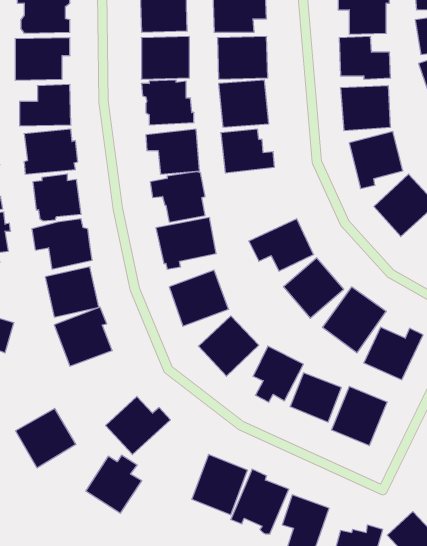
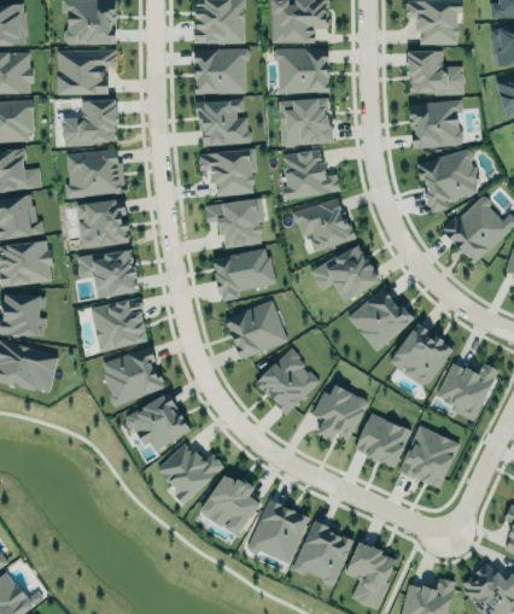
building: none -> [293,198,354,252]
building: [16,408,76,468] -> [127,392,192,456]
building: [86,455,142,513] -> [201,470,262,533]

